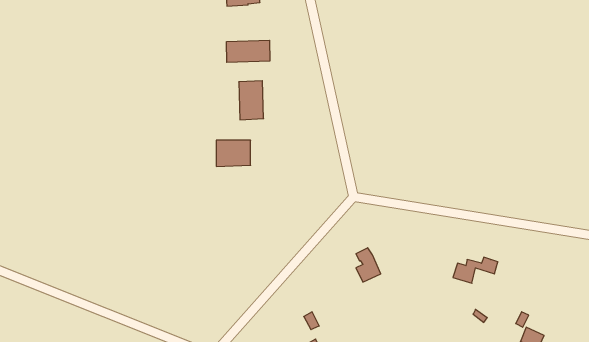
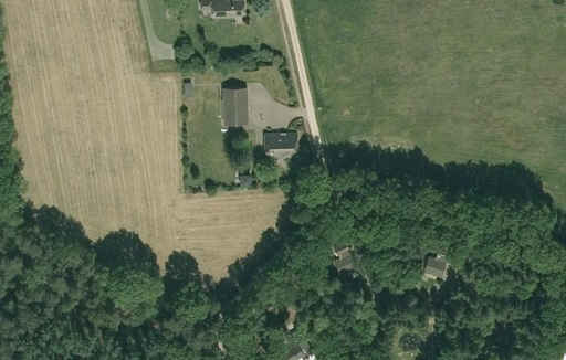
building: [227,40,270,62] -> none
building: [216,140,251,166] -> [264,134,296,158]

